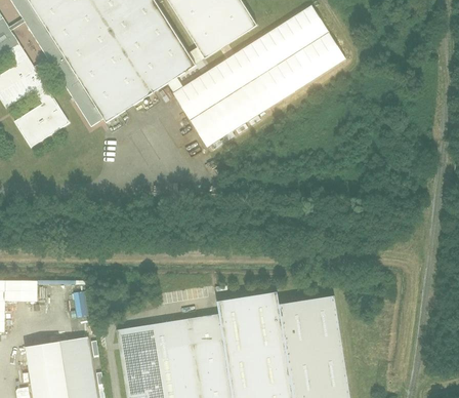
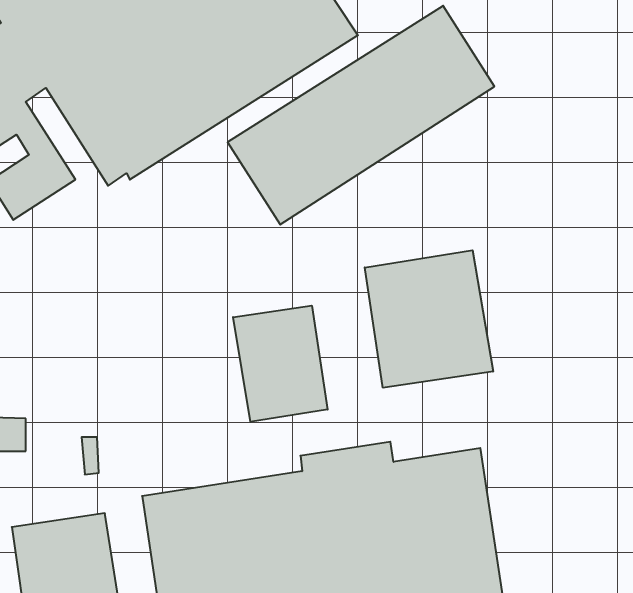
building: none -> [365,250,493,388]
building: none -> [233,306,328,422]

